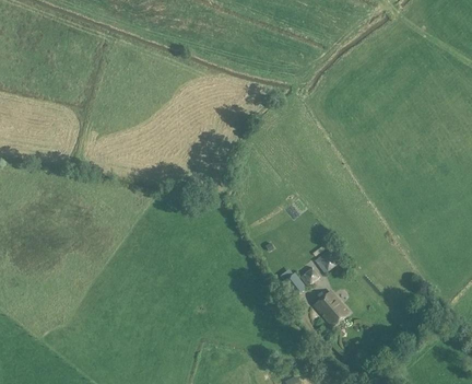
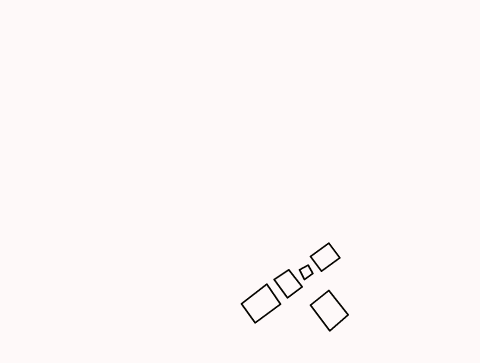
building: none -> [241,284,280,323]

